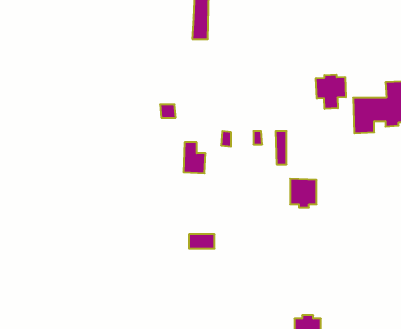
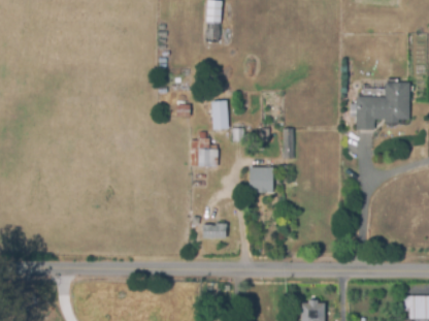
building: [316,75,346,109] -> none
building: none -> [210,100,228,129]
building: [290,179,317,208] -> [249,166,273,193]

